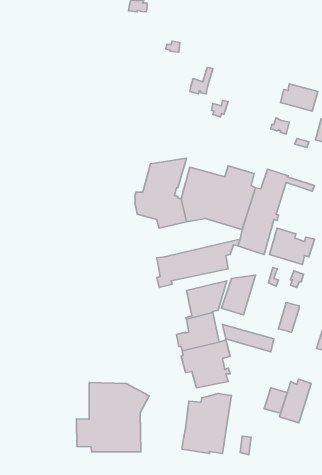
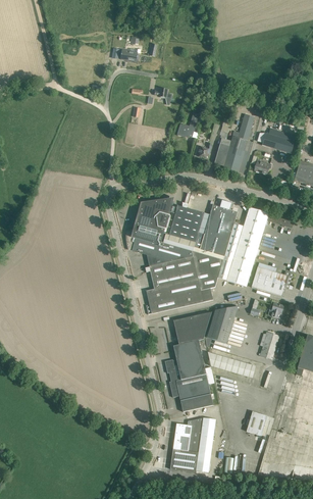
building: none -> [214,113,255,173]
building: none -> [149,253,226,289]
building: [279,379,311,423] -> none
building: [76,382,149,452] -> none

